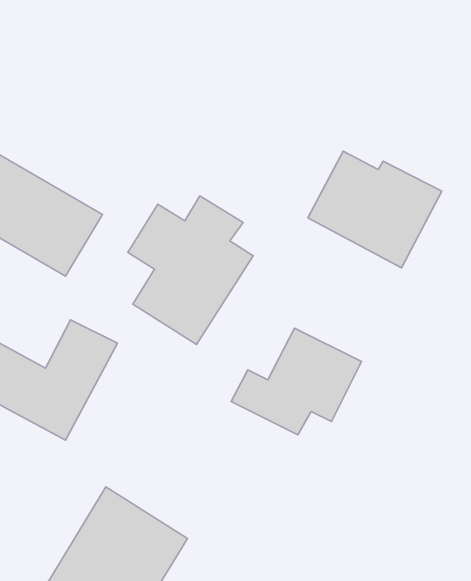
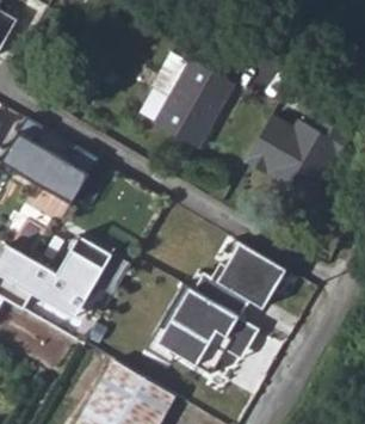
building: [128,196,253,344] -> [147,38,236,145]
building: none -> [157,289,259,376]

